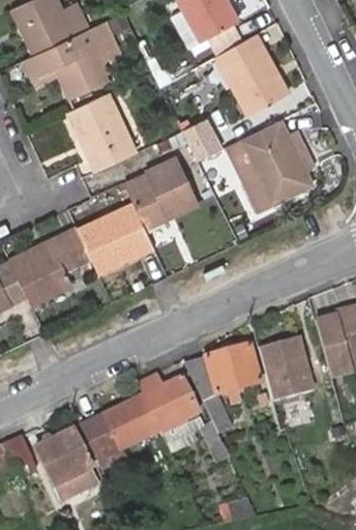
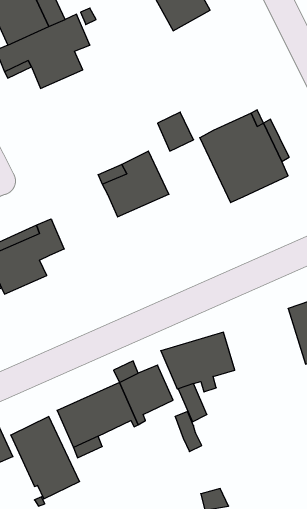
building: [214,34,286,115] -> none
building: [65,92,135,171] -> none
building: [77,205,152,276] -> none
building: [257,331,313,396] -> none

